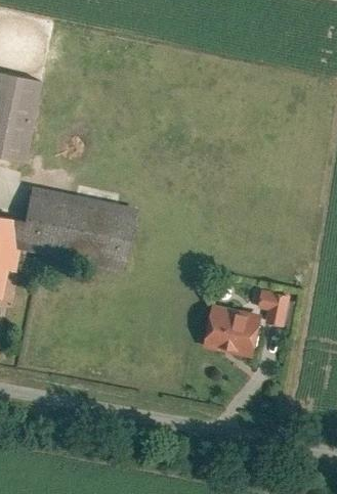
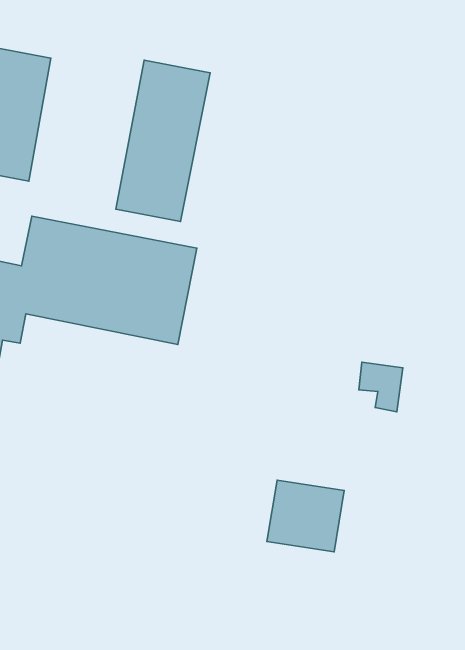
building: none -> [116,60,210,221]
building: [206,305,260,355] -> [267,480,344,552]

